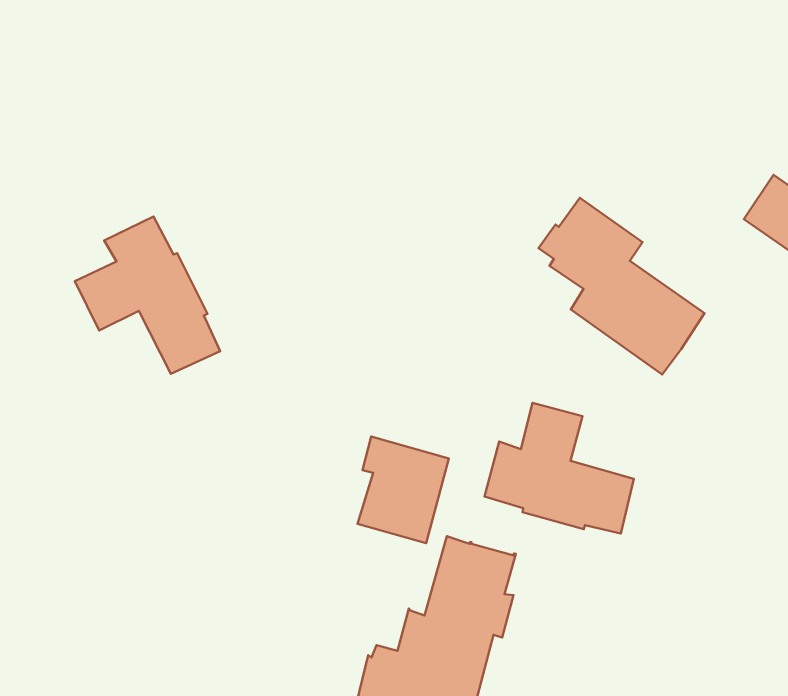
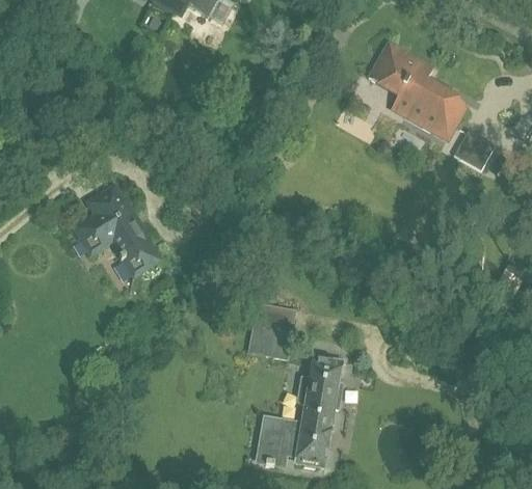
building: [539,198,704,374] -> [369,44,468,140]
building: [484,403,634,534] -> none

